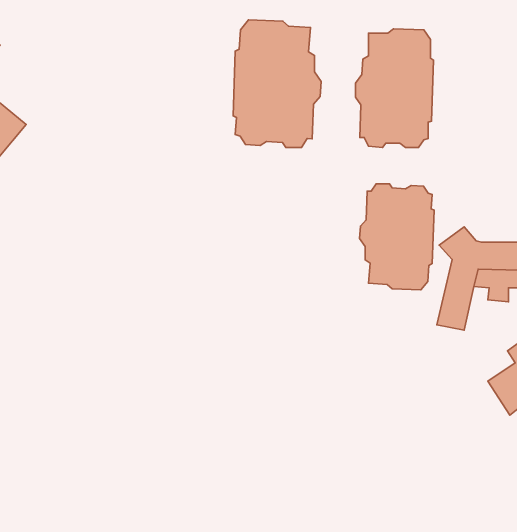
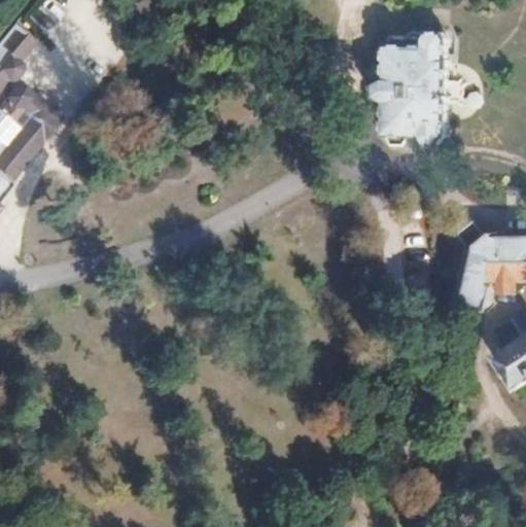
building: [233,20,321,147] -> none
building: [360,184,434,290] -> none

